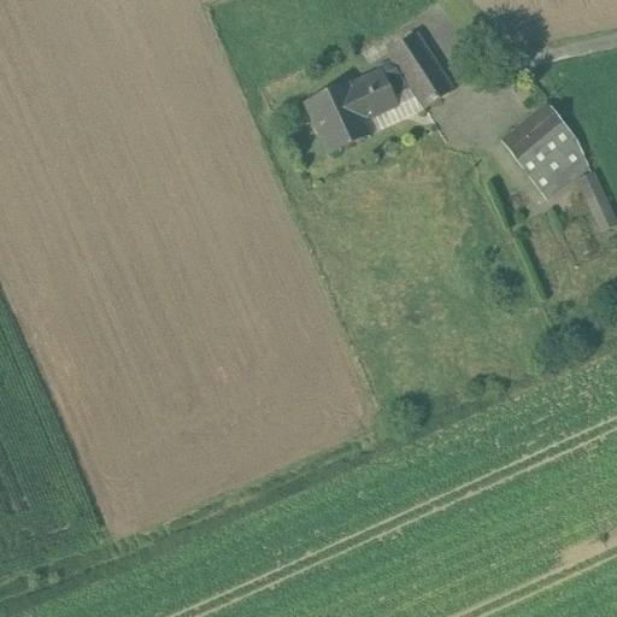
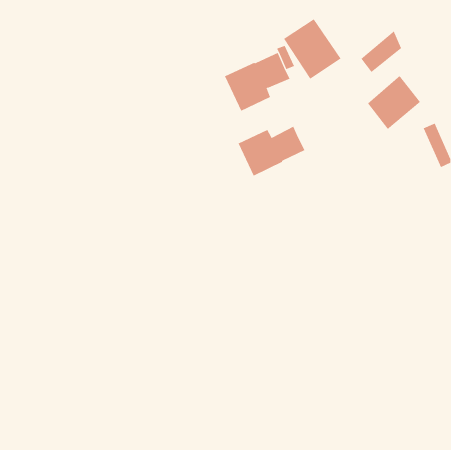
building: [529,139,586,196] -> [361,31,402,73]
building: none -> [238,126,305,176]

